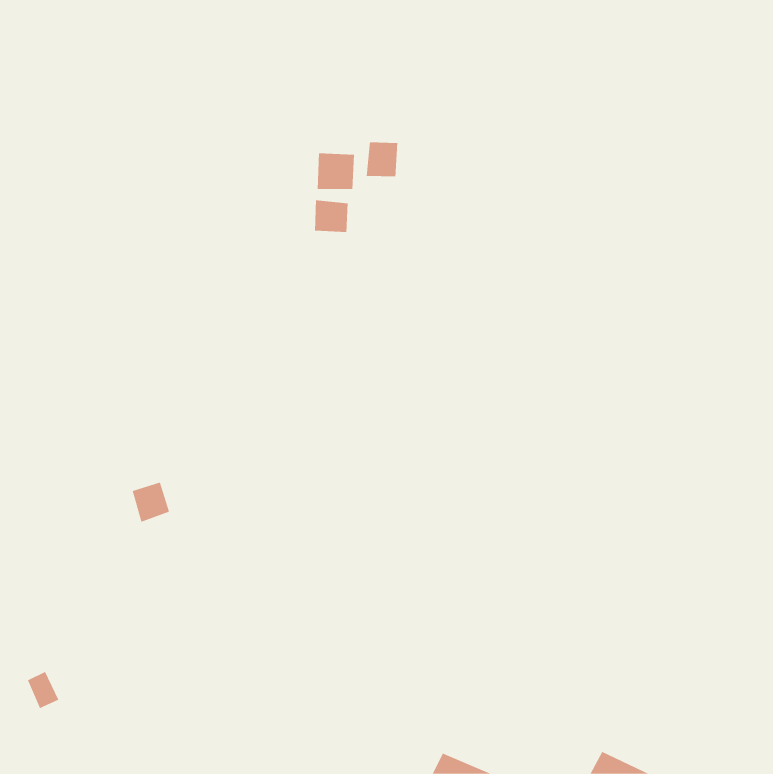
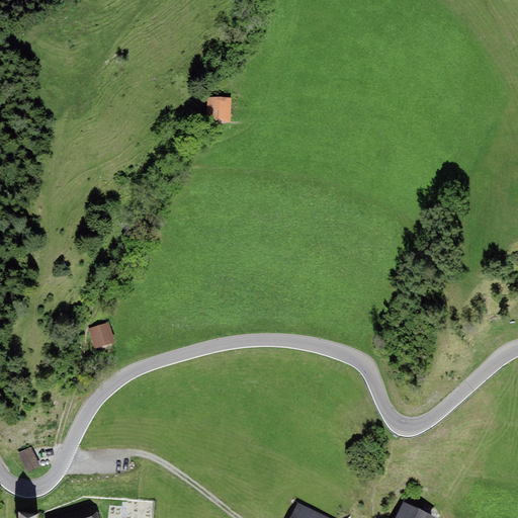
building: [366,141,398,177] -> none
building: [315,200,348,233] -> none

